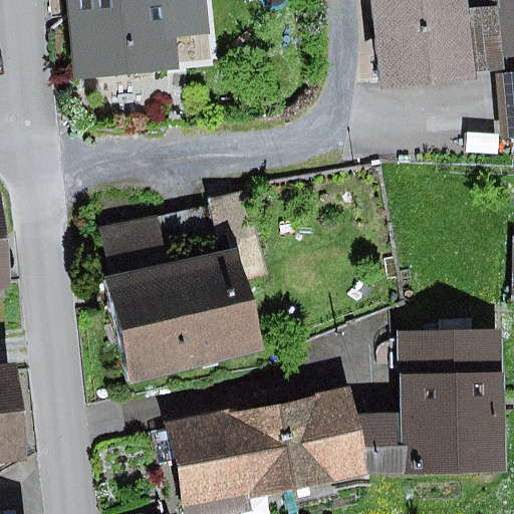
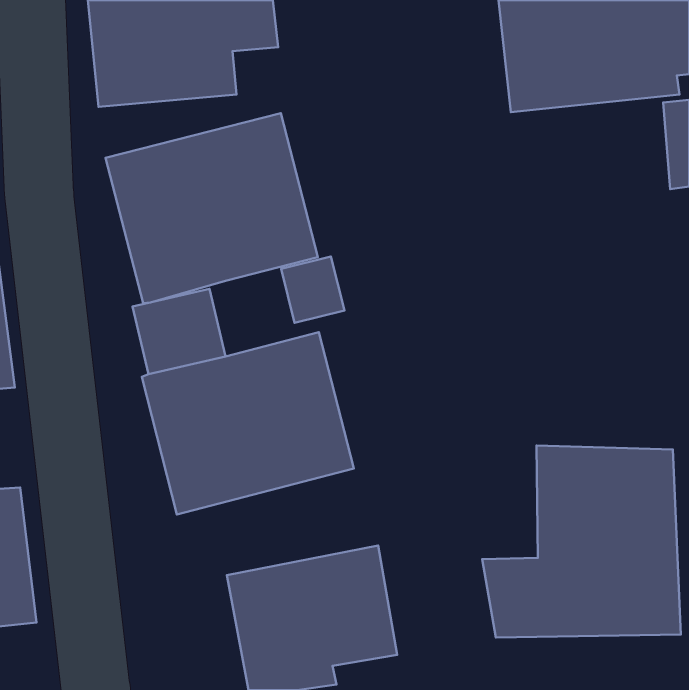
building: none -> [105,113,318,303]
building: [281,388,368,487] -> none

